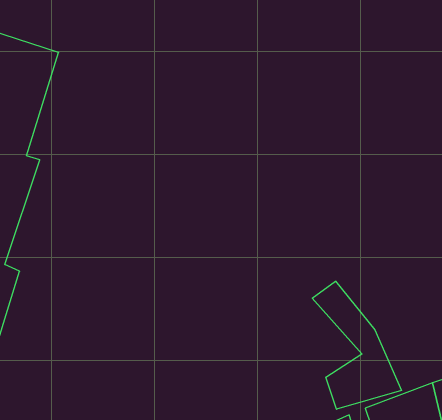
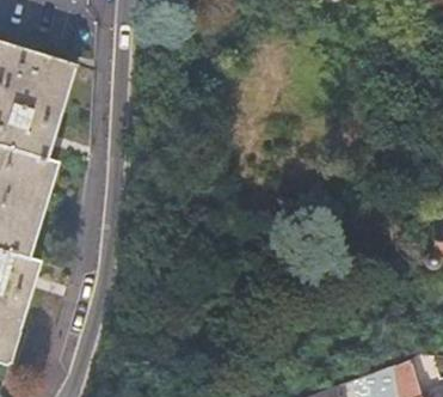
building: [312,281,401,409] -> none

